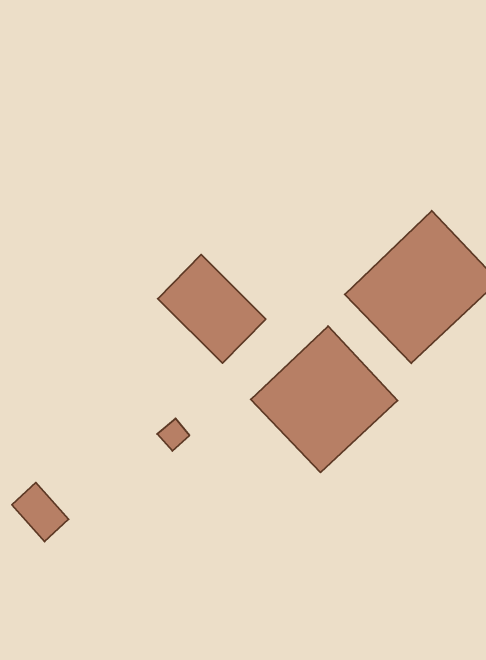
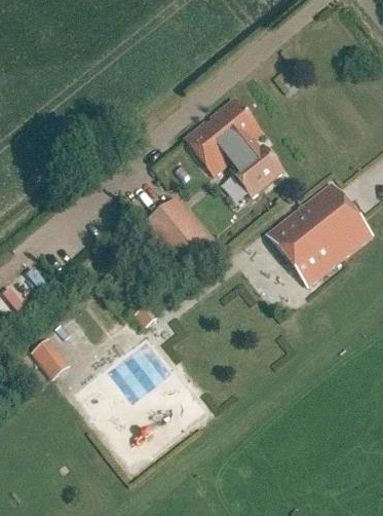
building: none -> [186,101,283,196]
building: [251,326,398,472] -> none

